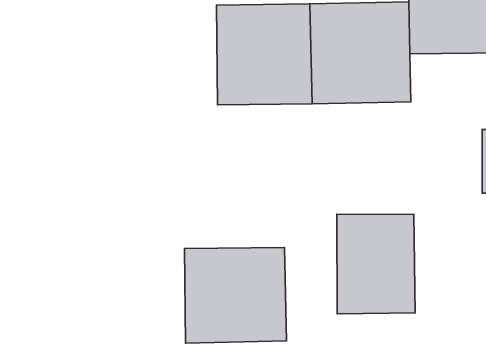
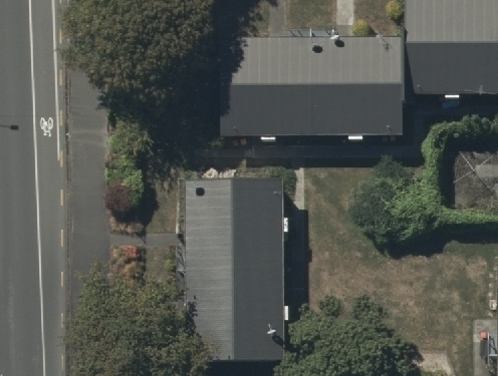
building: none -> [189,177,285,272]
building: [337,214,415,314] -> none

